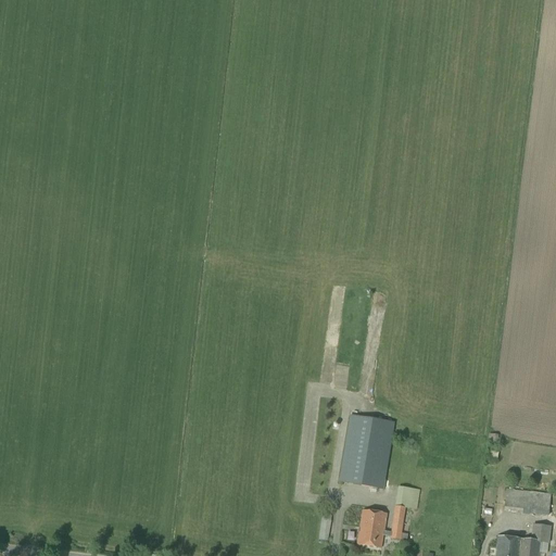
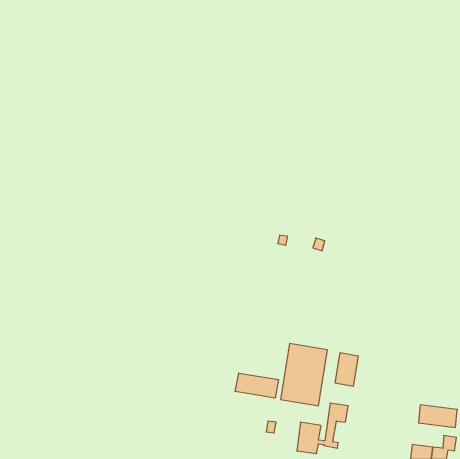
building: none -> [335,353,358,386]
building: none -> [235,373,278,398]

